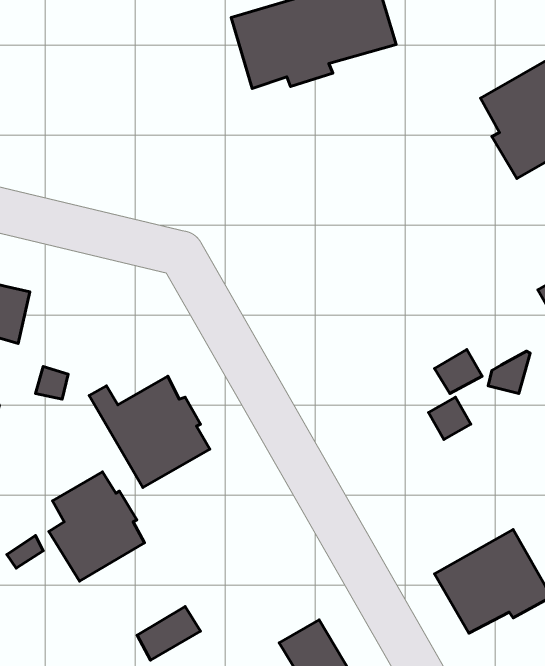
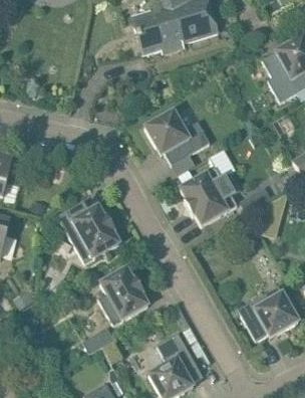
building: none -> [144,110,210,164]
building: none -> [180,167,240,224]
building: [49,472,145,581] -> [98,266,148,324]

